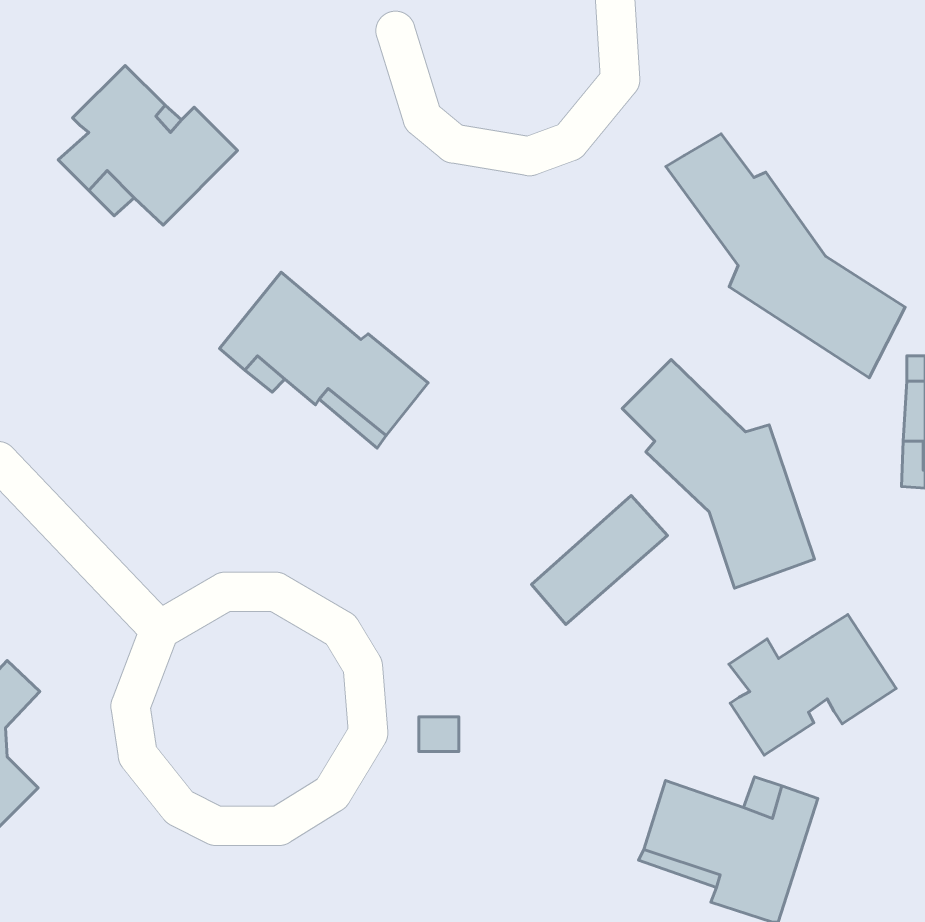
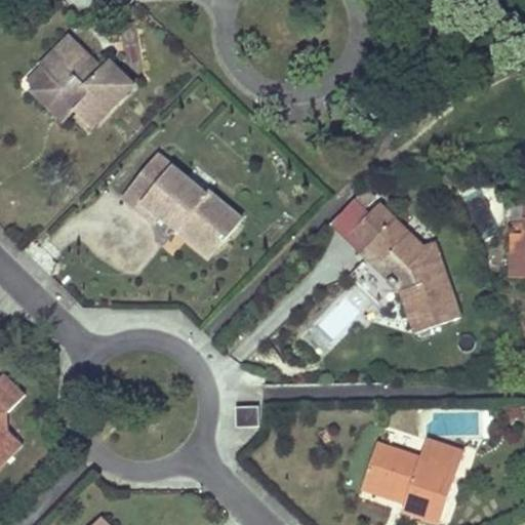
building: [666,134,905,378] -> none
building: none -> [331,198,370,255]
building: [729,615,896,755] -> none

